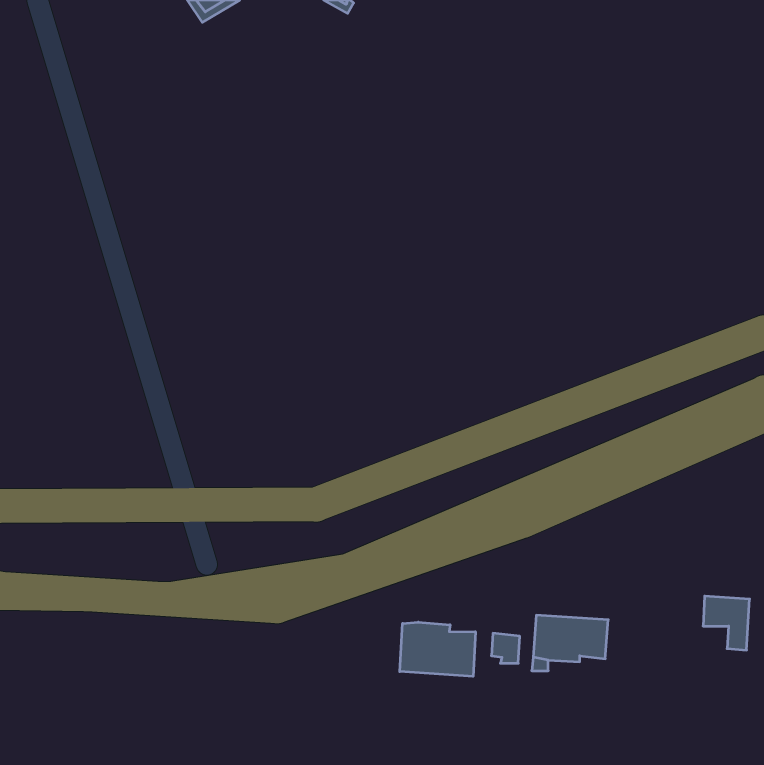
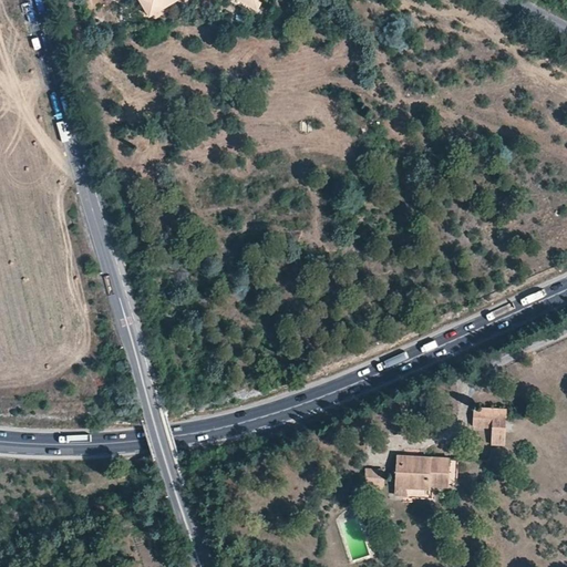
building: [703,596,750,650] -> [472,406,506,446]
building: [400,622,475,676] -> none

